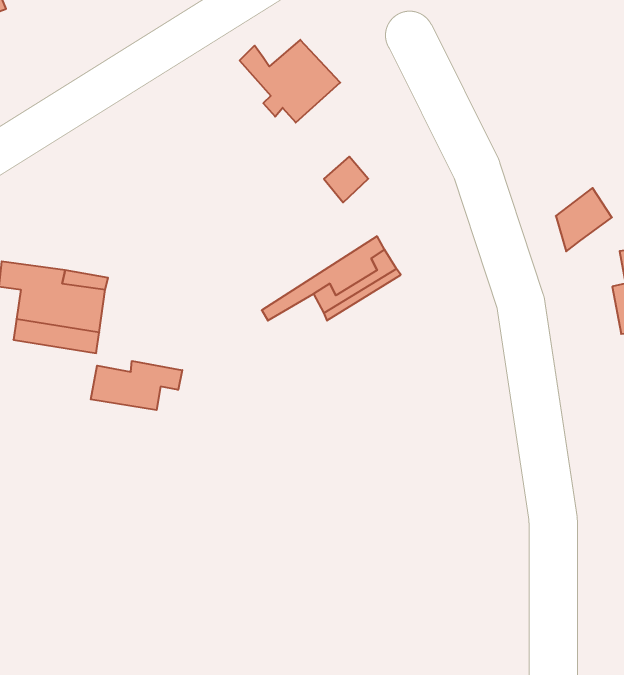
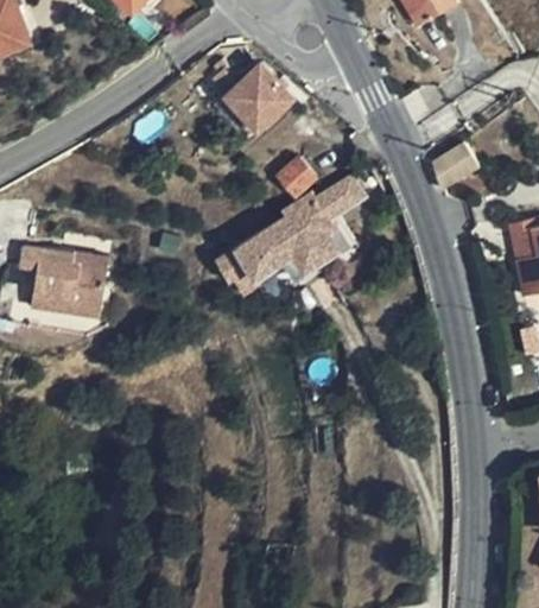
building: none -> [221,177,362,280]
building: [556,188,612,251] -> [433,141,478,192]
building: [91,361,182,410] -> none

